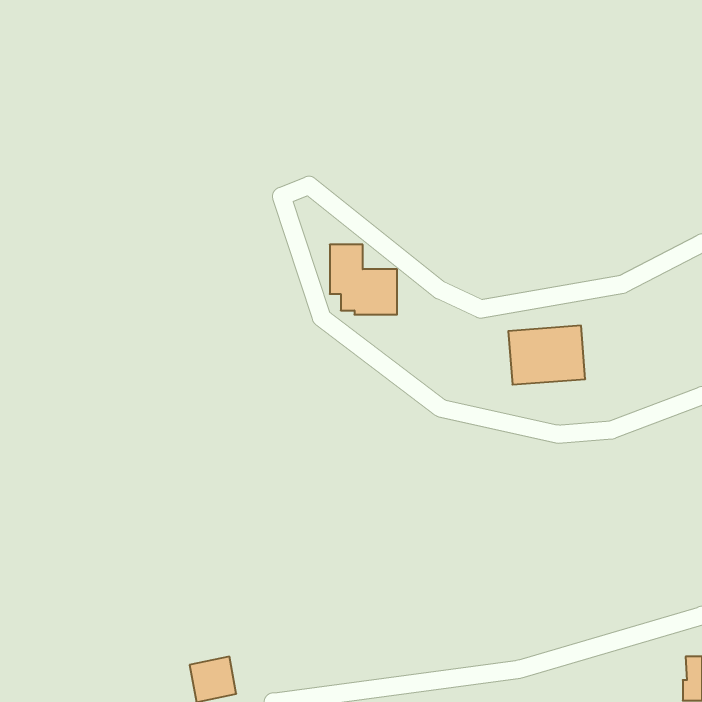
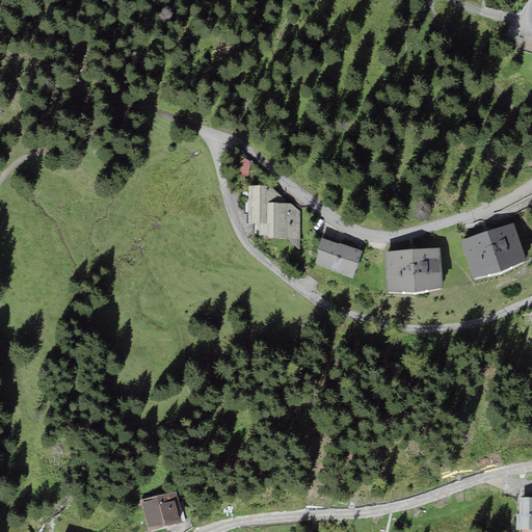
building: none -> [460,222,527,277]
building: none -> [315,237,363,278]

